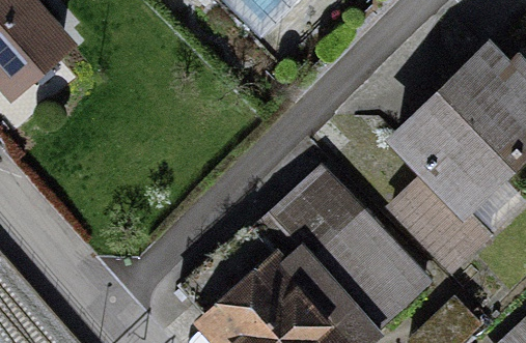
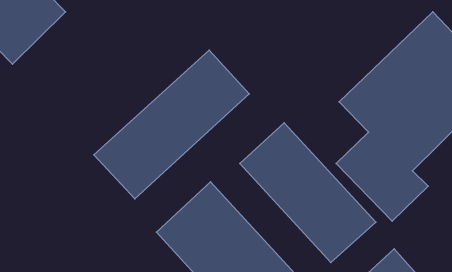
building: none -> [94,50,249,199]

